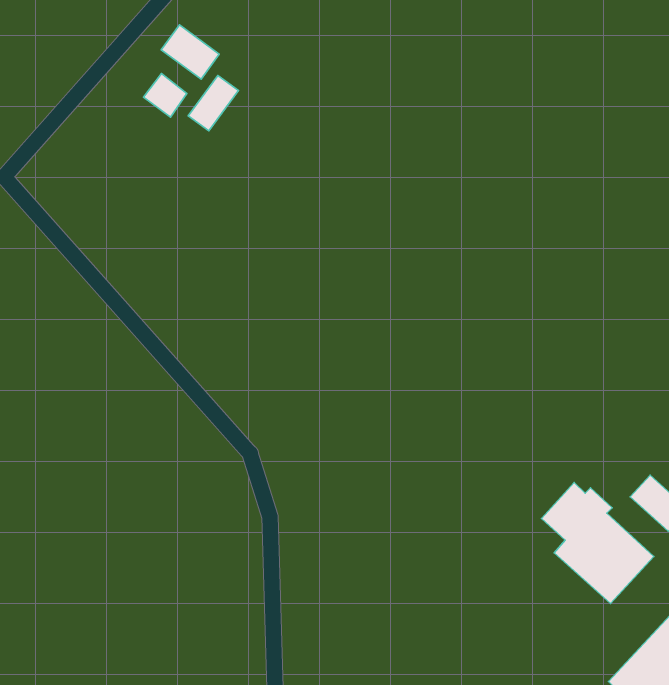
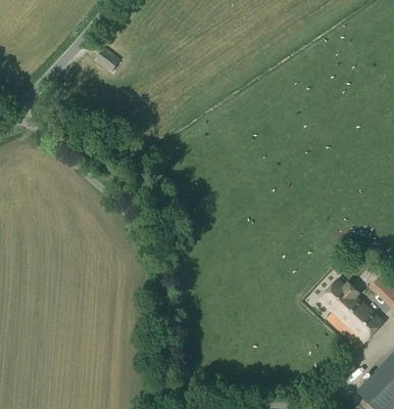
building: [161,25,219,79] -> none
building: [188,76,238,131] -> none

